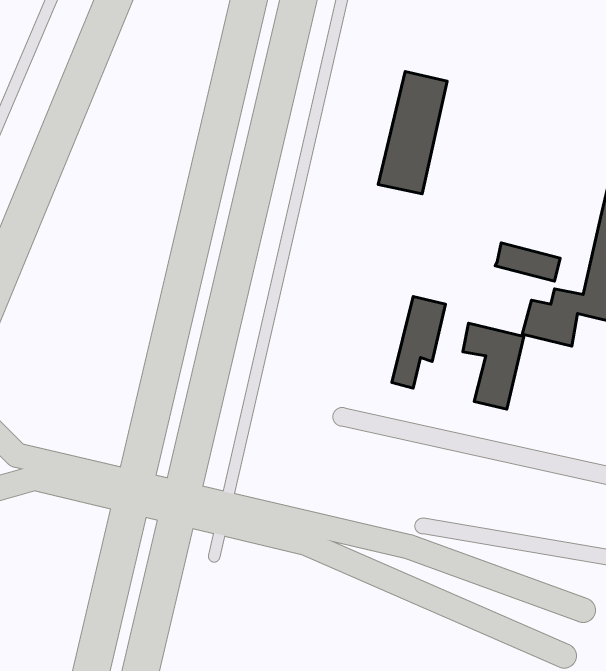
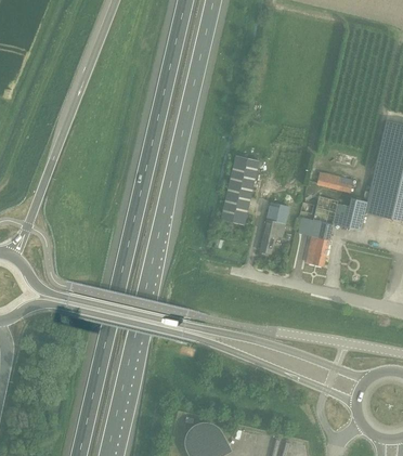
building: [378,71,447,194] -> [221,155,260,224]

